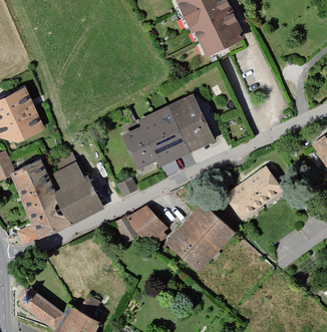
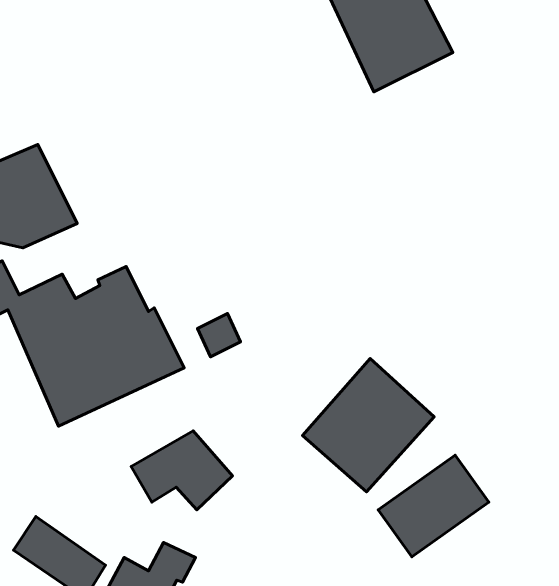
building: [121,93,216,169] -> none
building: [225,165,284,220] -> [378,455,489,557]
building: [114,205,169,247] -> [131,431,233,510]

